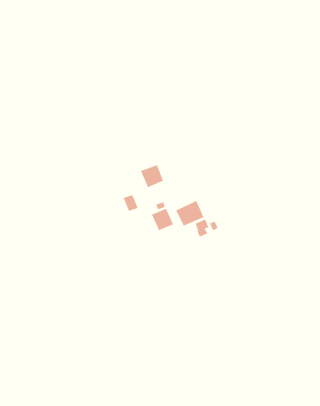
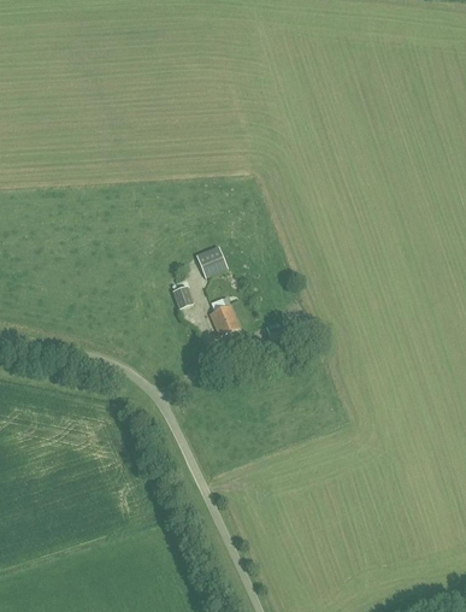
building: [176,200,204,226] -> none

